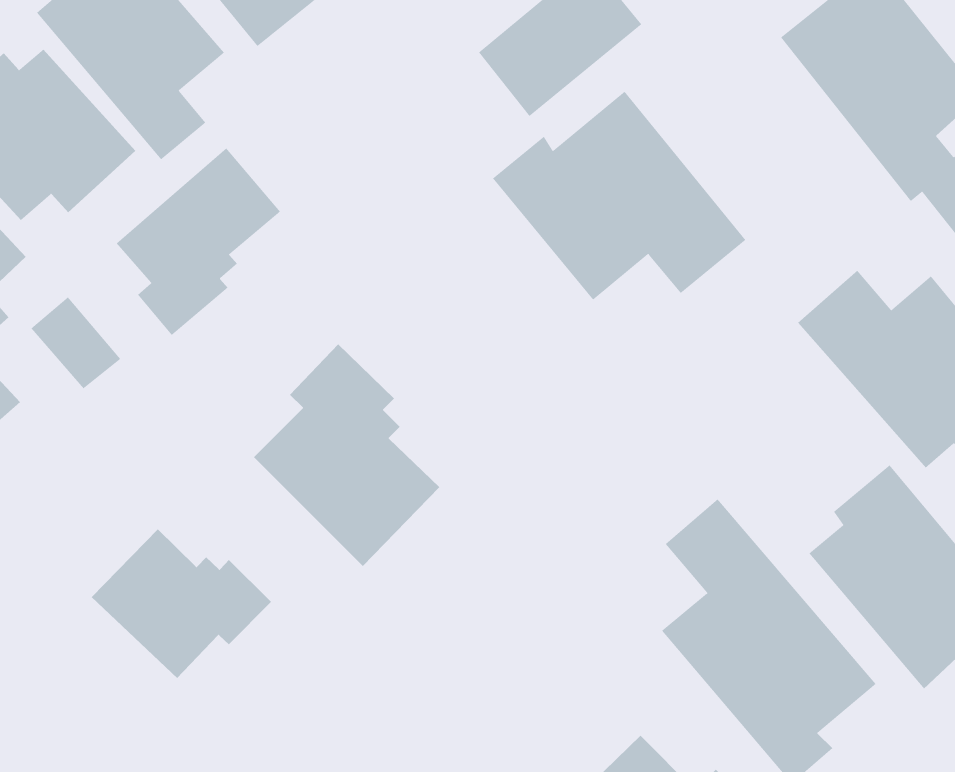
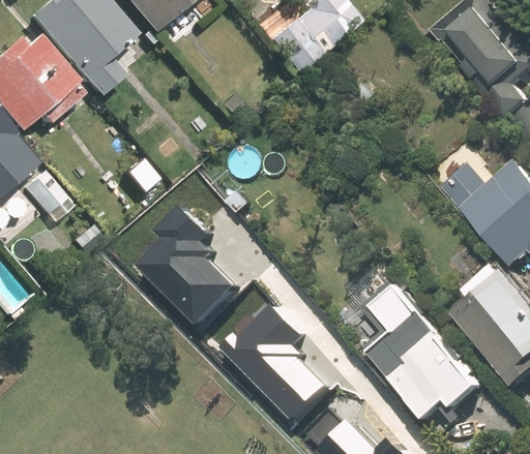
building: [492,91,746,301] -> none
building: [116,147,281,336] -> none
building: none -> [222,298,333,418]
building: [91,528,272,679] -> none

